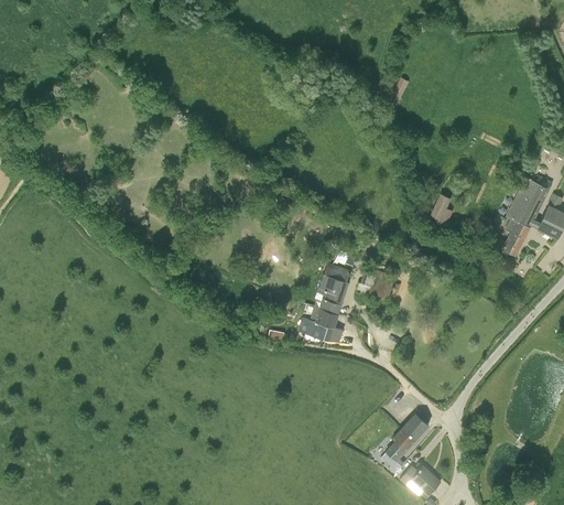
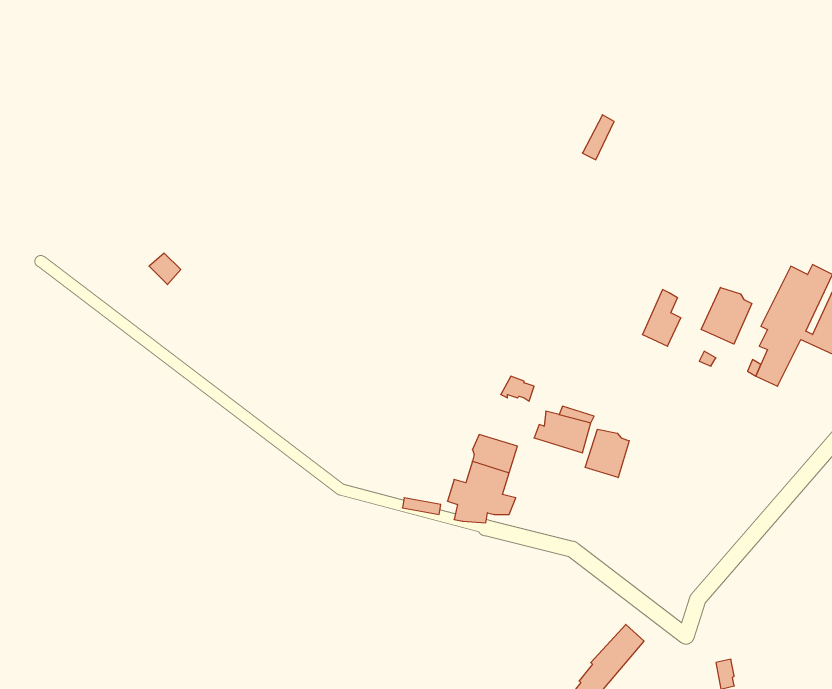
building: none -> [701,287,752,344]
building: [319,262,350,296] -> none
building: none -> [585,429,629,478]

